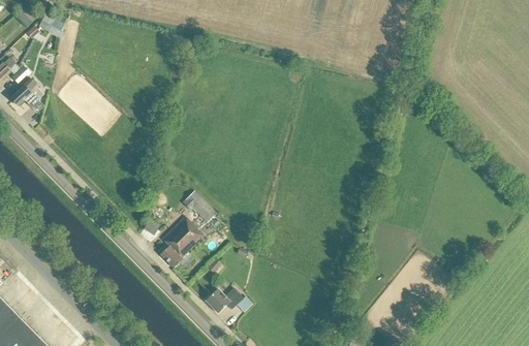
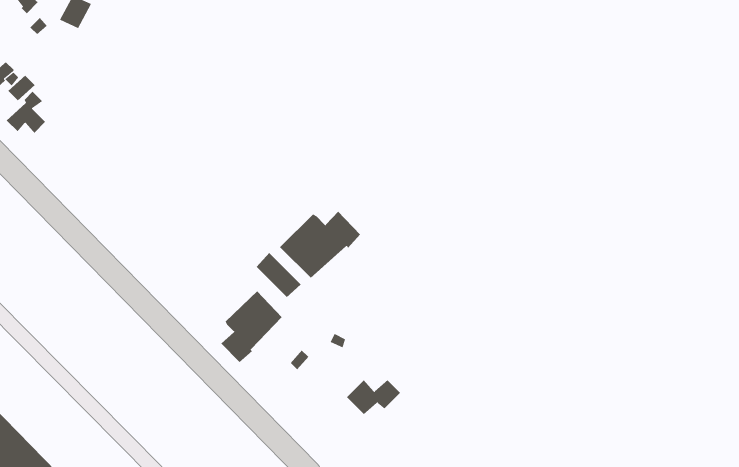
building: none -> [279,211,361,278]
building: [205,289,243,314] -> [346,379,401,415]

